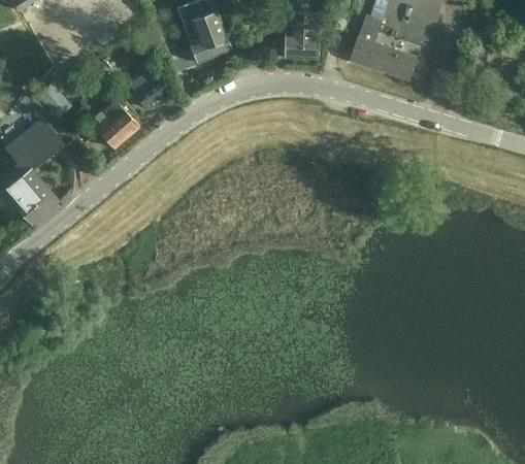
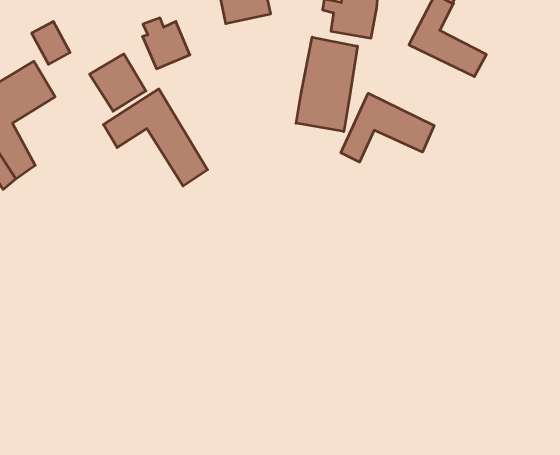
building: none -> [296,37,357,132]
building: none -> [341,93,434,162]
building: none -> [103,89,208,186]

